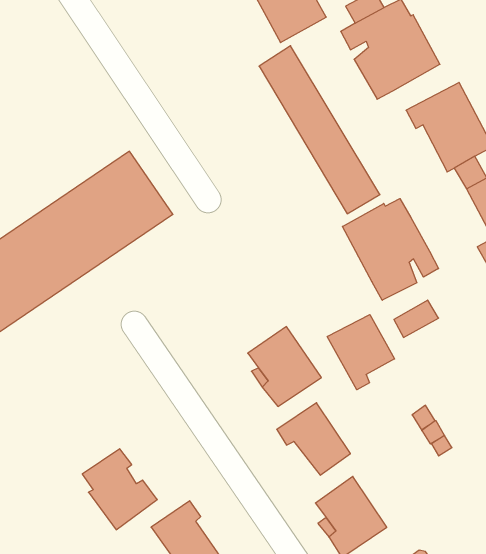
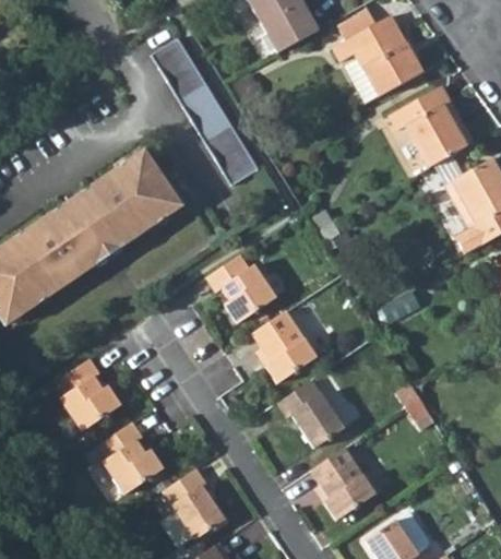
building: [259,46,380,214] -> [150,35,259,187]
building: [342,199,439,300] -> none
building: none -> [208,255,278,323]
building: [327,315,395,390] -> none
building: none -> [56,358,122,431]

